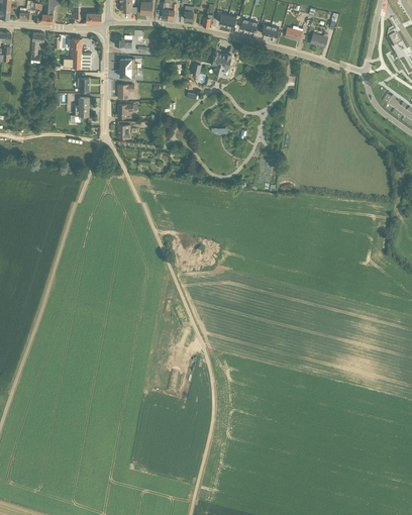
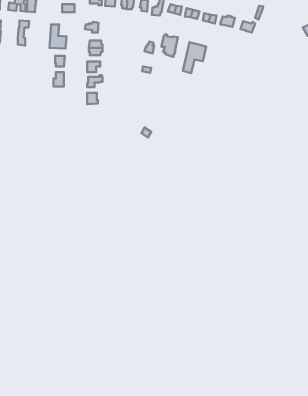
building: none -> [183,42,206,73]

